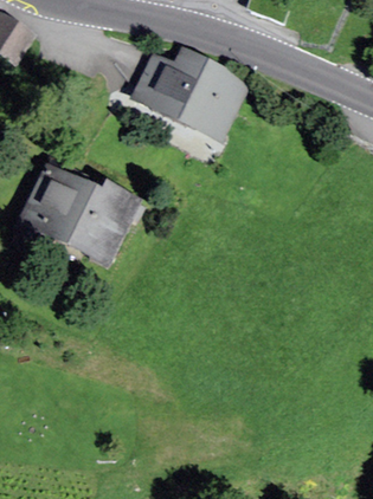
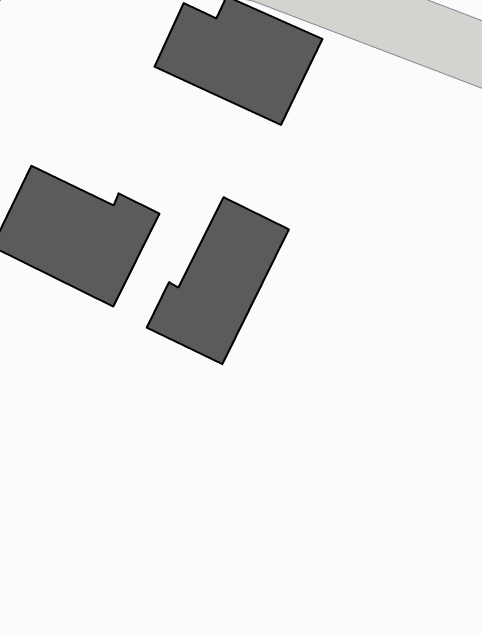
building: none -> [147,197,289,364]

